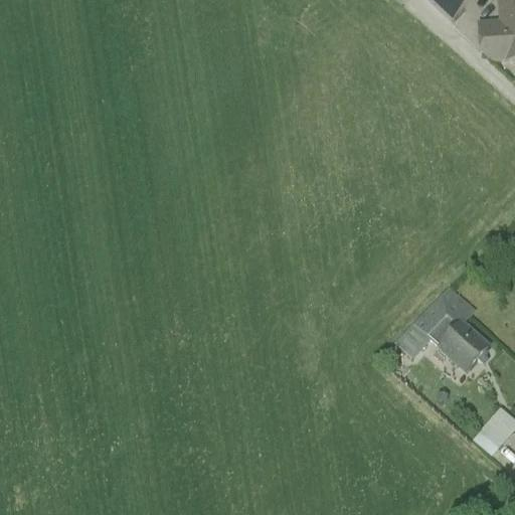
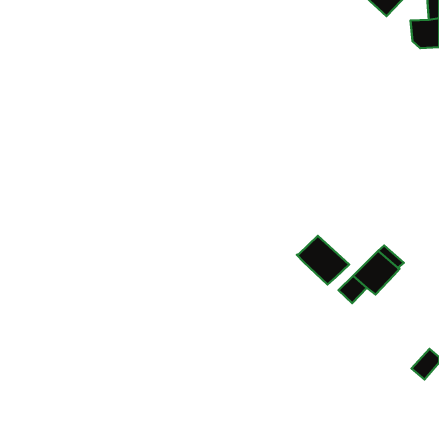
building: none -> [297,236,349,284]
building: [440,322,489,370] -> none

